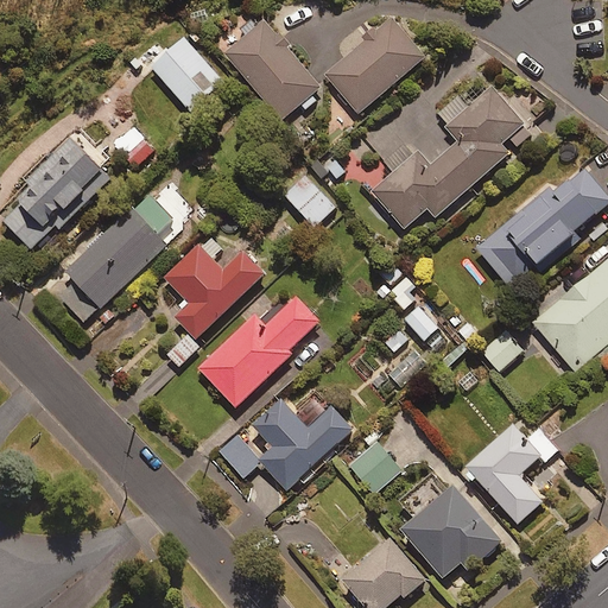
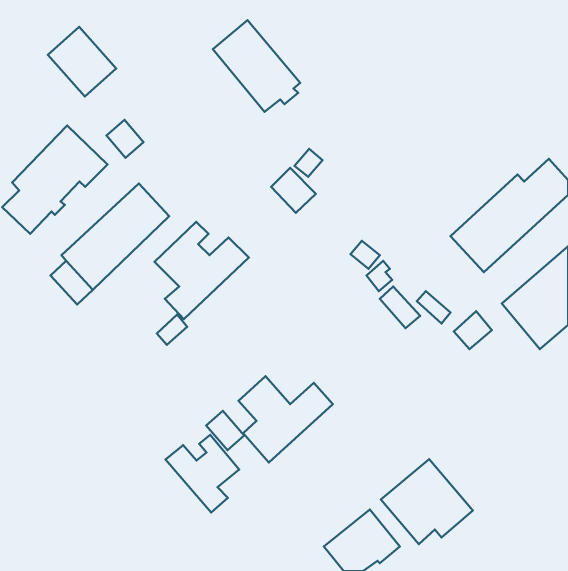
building: [324,17,424,113] -> none
building: [150,37,222,110] -> [48,27,116,96]
building: [370,86,524,228] -> none
building: [198,297,319,407] -> none
building: [467,424,542,522] -> none
building: [349,442,400,493] -> none
building: none -> [165,435,239,512]

